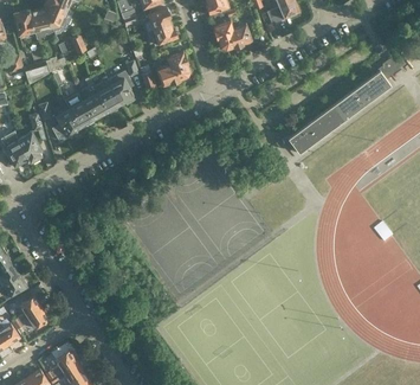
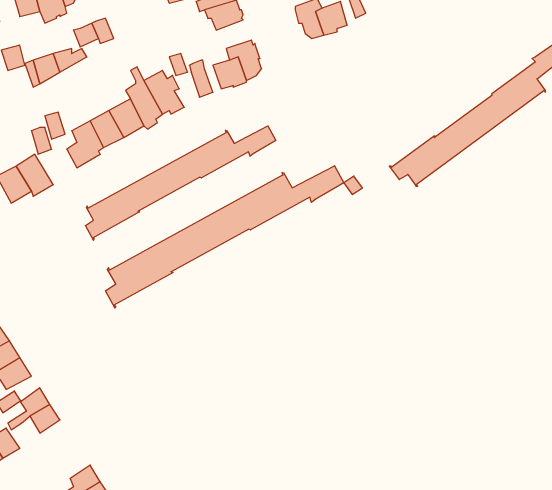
building: none -> [85,126,276,240]
building: none -> [106,166,344,308]

